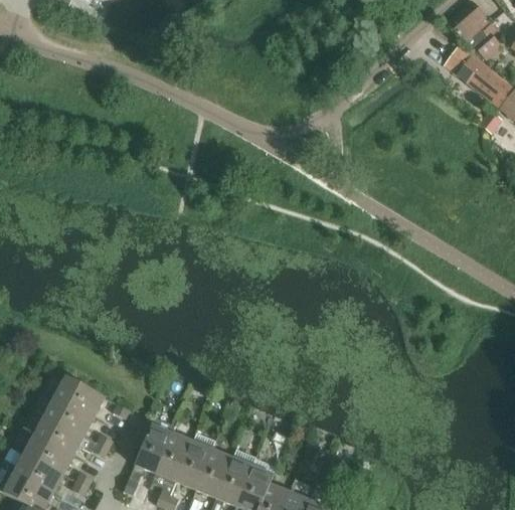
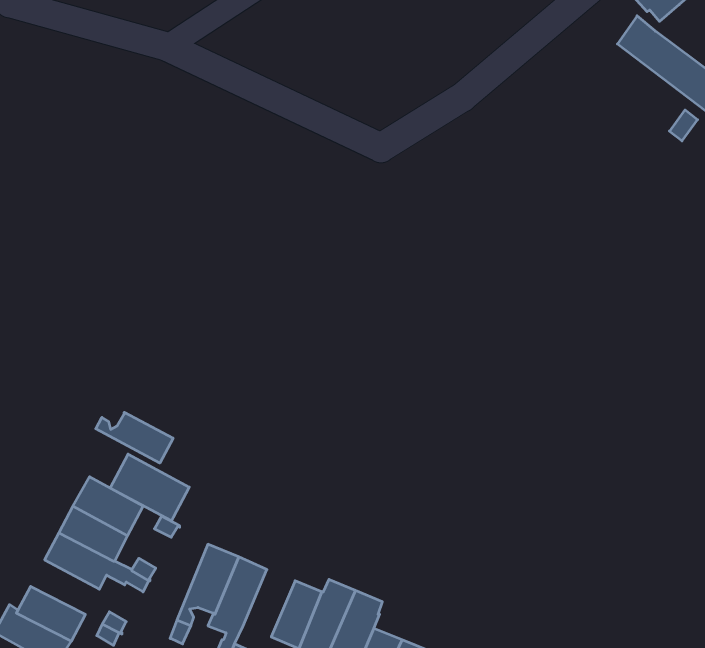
building: none -> [96,412,173,463]
building: none -> [110,454,189,521]
building: [176,432,215,489] -> none
building: [24,434,73,473] -> none

